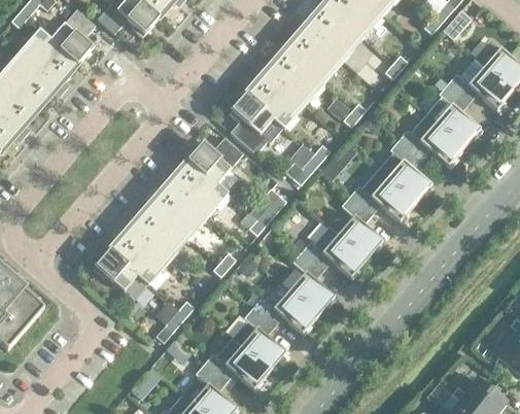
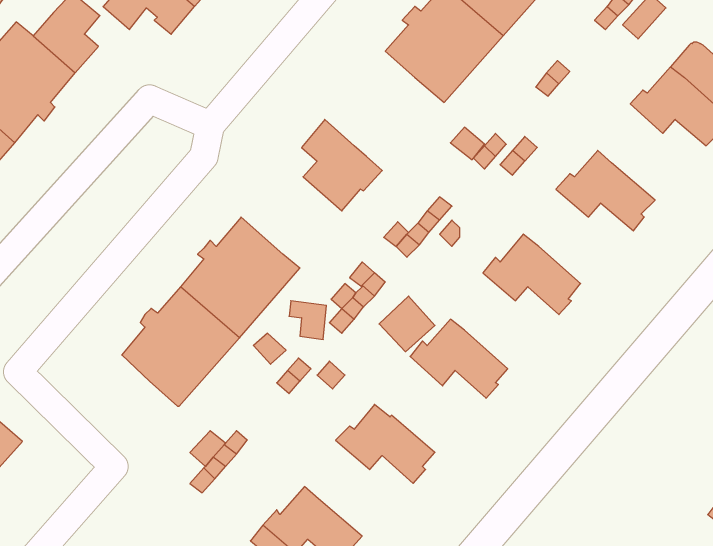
building: [245,47,324,128] -> none
building: [426,77,482,146] -> none
building: [189,136,243,182] -> none
building: [377,139,434,202] -> none
building: [338,195,385,258] -> none
building: [94,249,147,299] -> none
building: [289,250,337,314] -> none
building: [232,306,287,370] -> none

